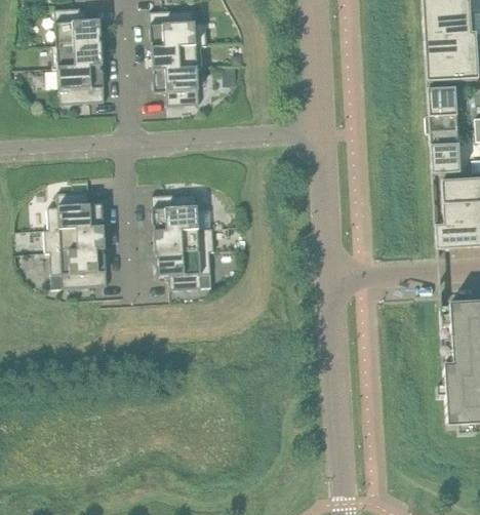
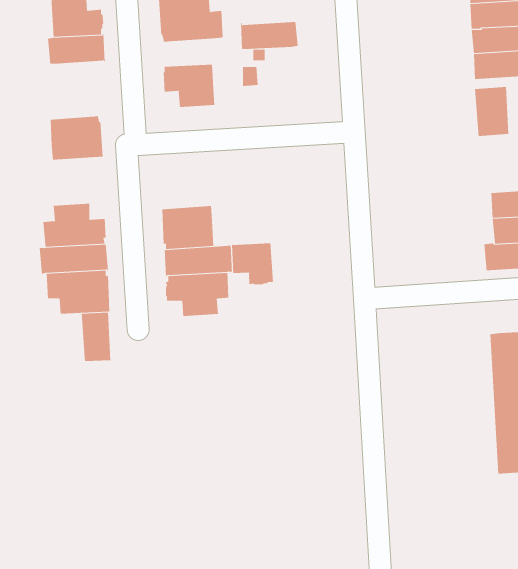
building: [152,44,203,69] -> [240,21,298,49]
building: [58,64,106,103] -> [50,116,103,160]
building: [431,128,461,172] -> none
building: none -> [232,242,274,285]
building: none -> [81,312,111,362]

